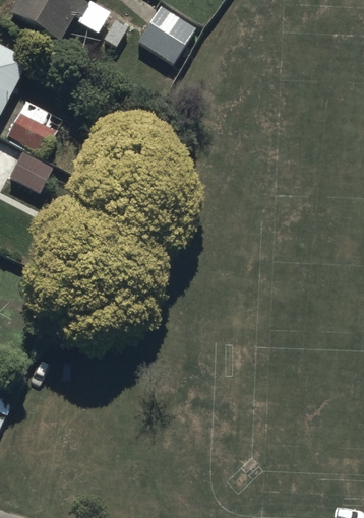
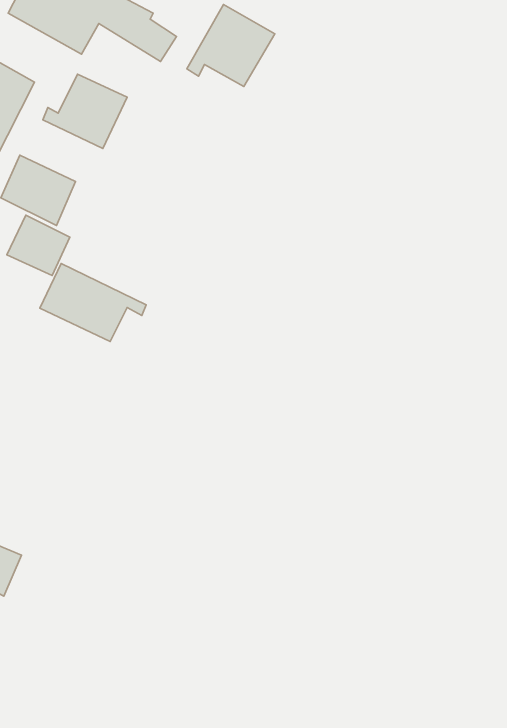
building: none -> [43,74,127,149]
building: none -> [40,264,146,342]

